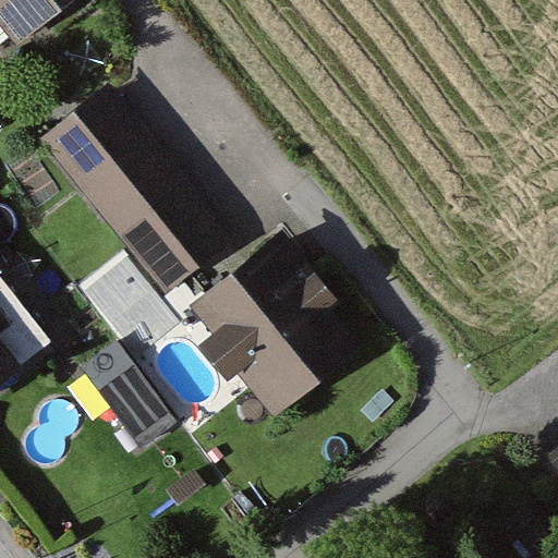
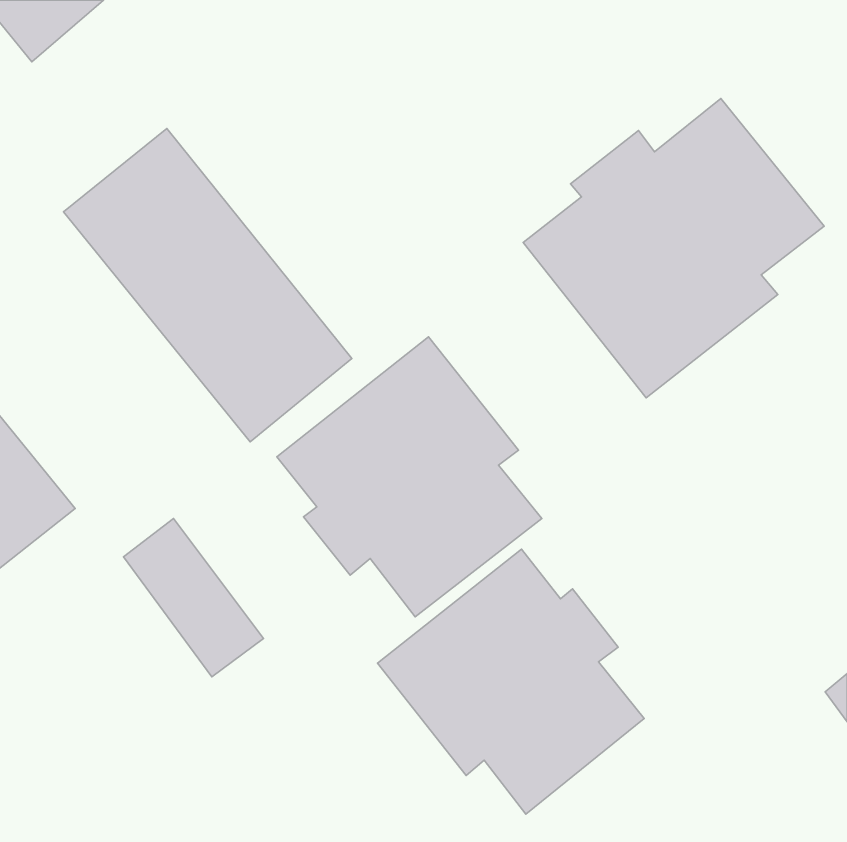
building: none -> [523,98,824,398]
building: none -> [377,549,644,814]

